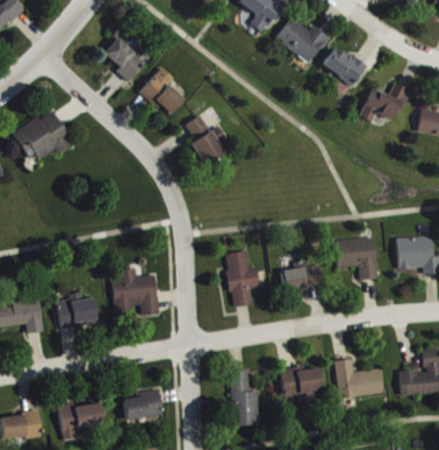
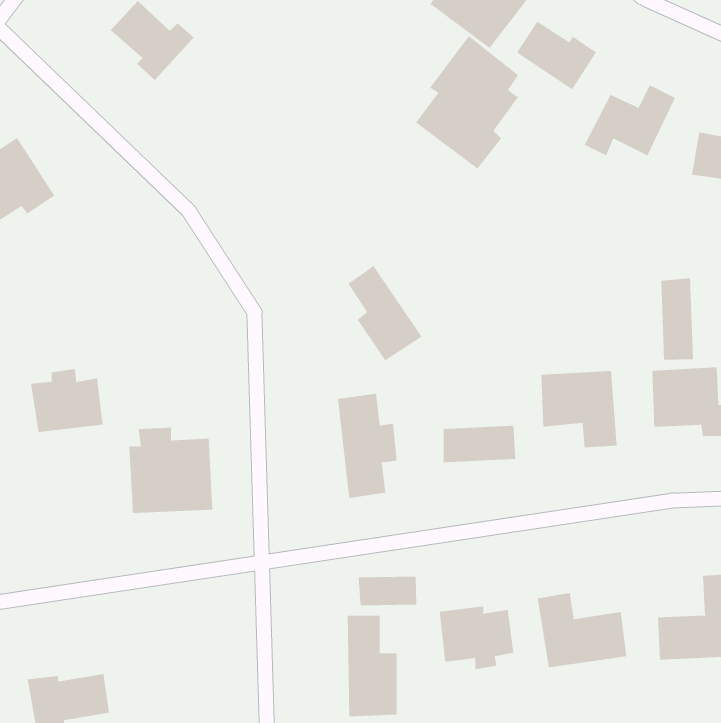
building: none -> [415,35,519,170]
building: [142,67,183,114] -> none
building: [185,114,226,166] -> [347,265,423,361]
building: none -> [661,277,693,361]
building: [57,292,97,327] -> [30,368,104,432]
building: none -> [358,576,417,606]
building: [123,391,163,420] -> none

